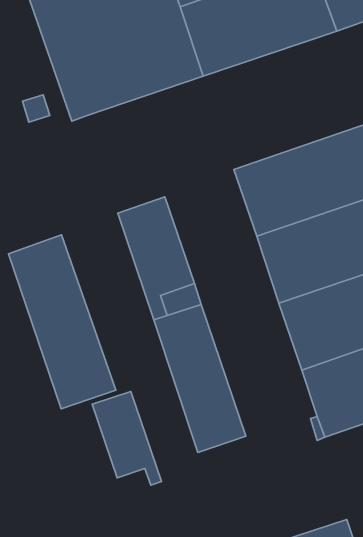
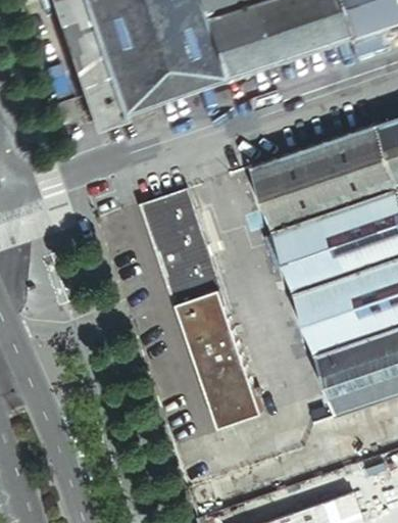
building: [9,235,116,409] -> none
building: [92,391,161,485] -> none

